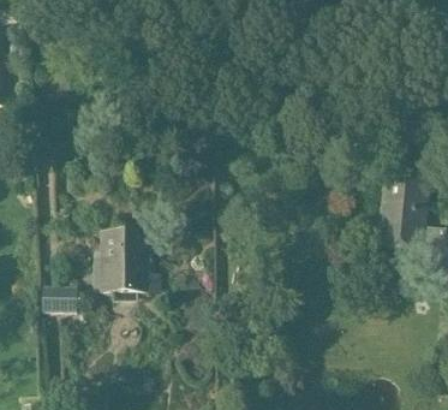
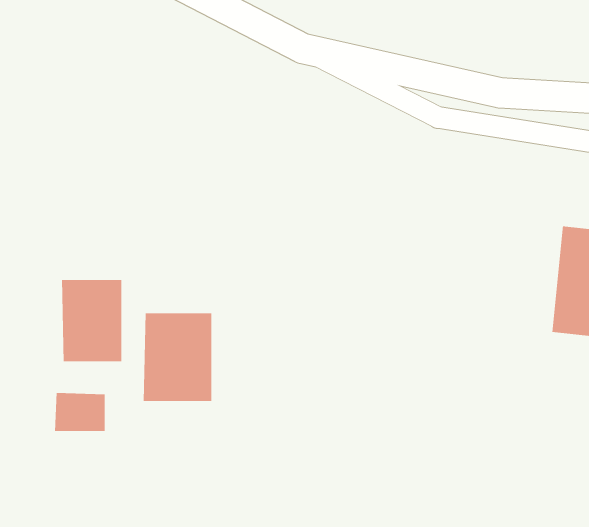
building: none -> [61,279,122,362]

